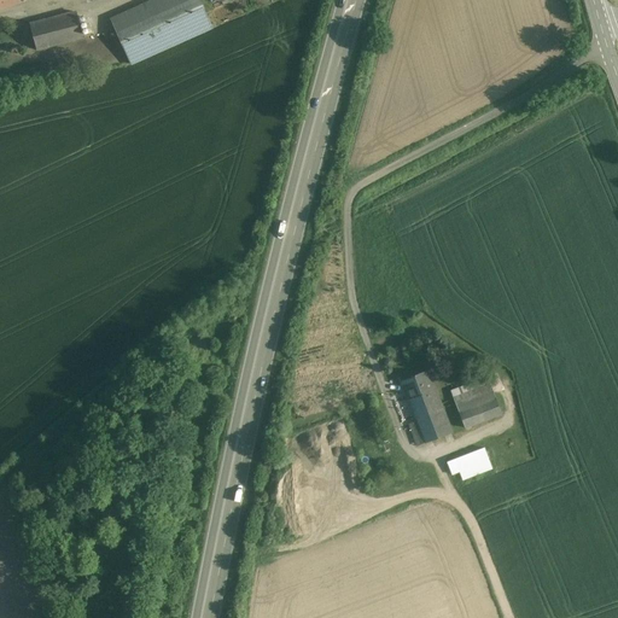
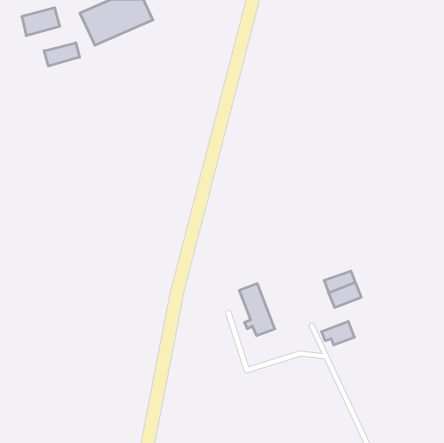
building: none -> [44,43,80,66]
building: [402,369,451,442] -> [239,284,275,336]

